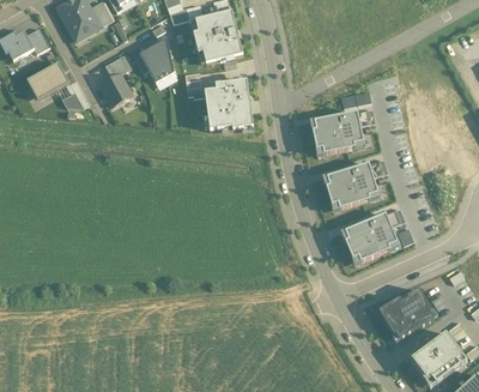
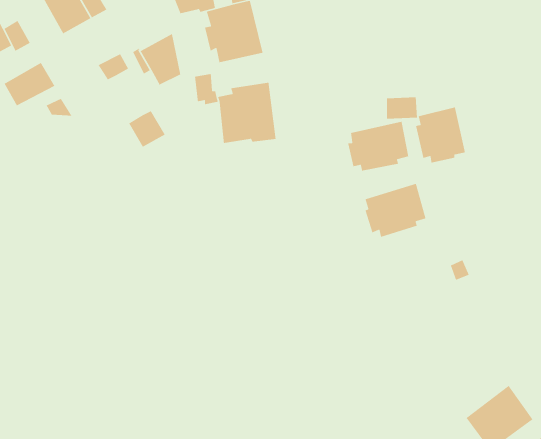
building: [101,73,132,104] -> [128,110,166,148]
building: none -> [415,107,466,163]
building: [344,212,396,260] -> none
building: [377,288,433,338] -> none

